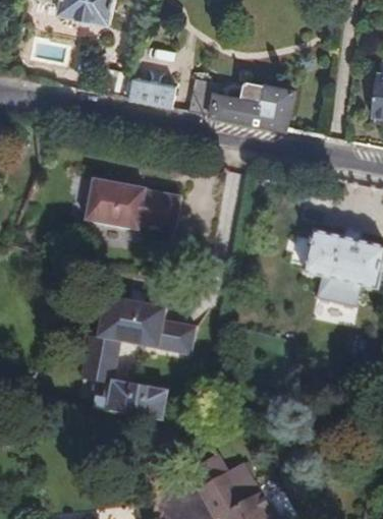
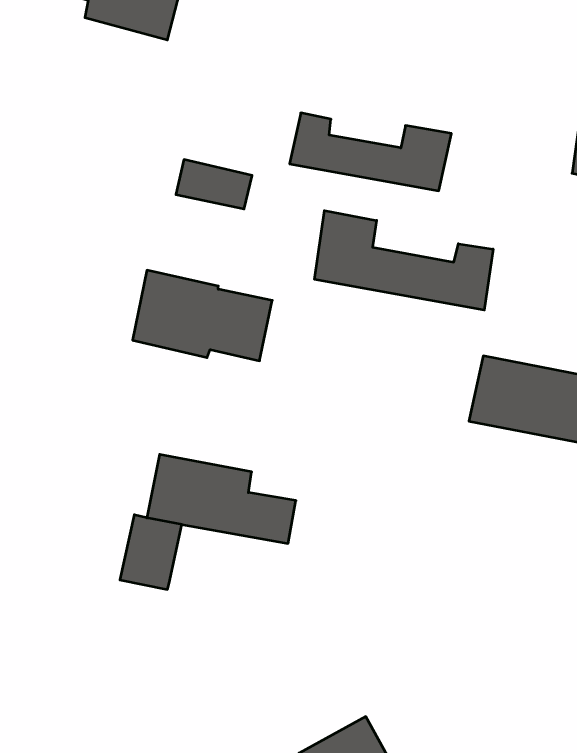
building: [128,74,177,106] -> [176,160,252,209]
building: none -> [315,211,493,310]
building: [312,286,358,319] -> none
building: [105,378,168,419] -> none

